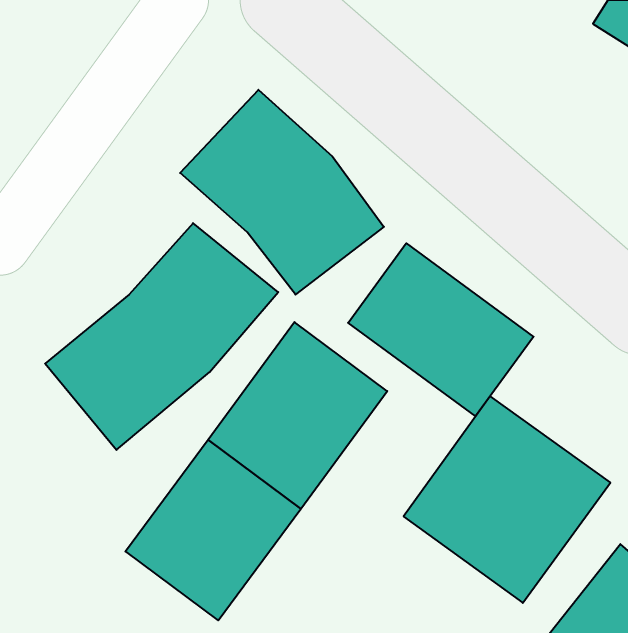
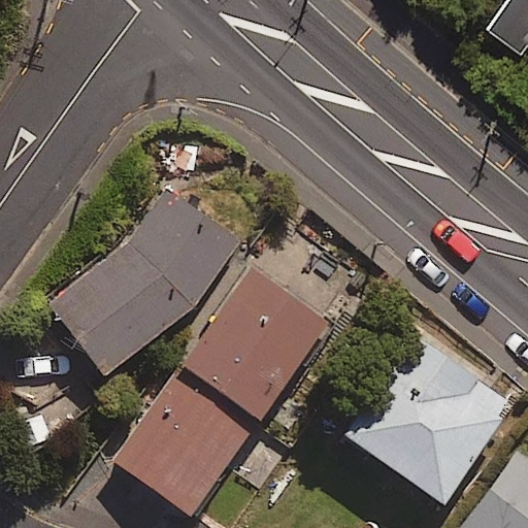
building: [180,90,384,295] -> none
building: [348,243,534,416] -> none

